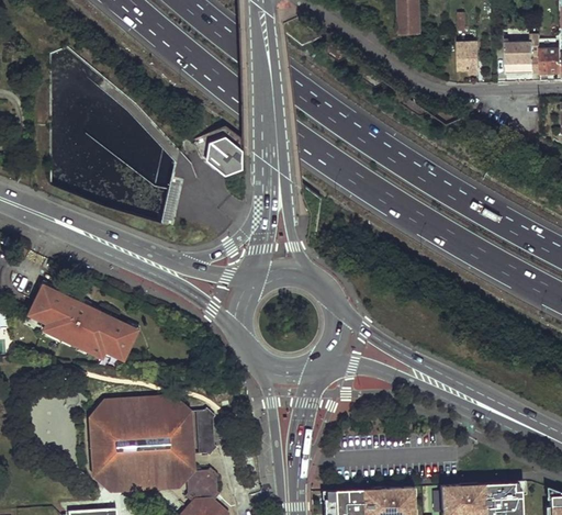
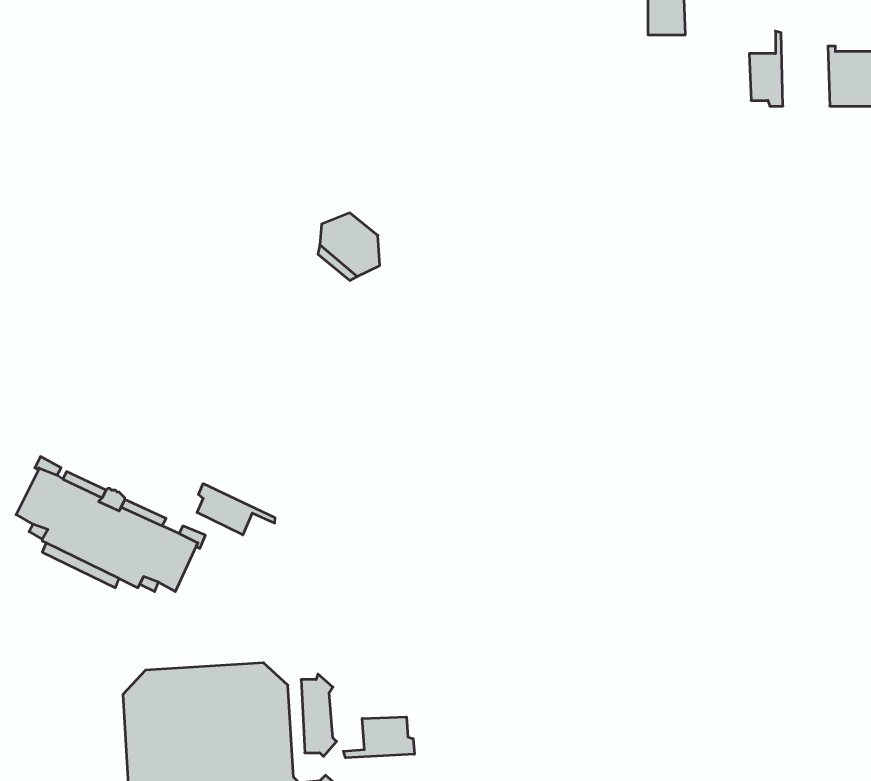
building: none -> [197,484,275,535]
building: none -> [343,717,414,758]

